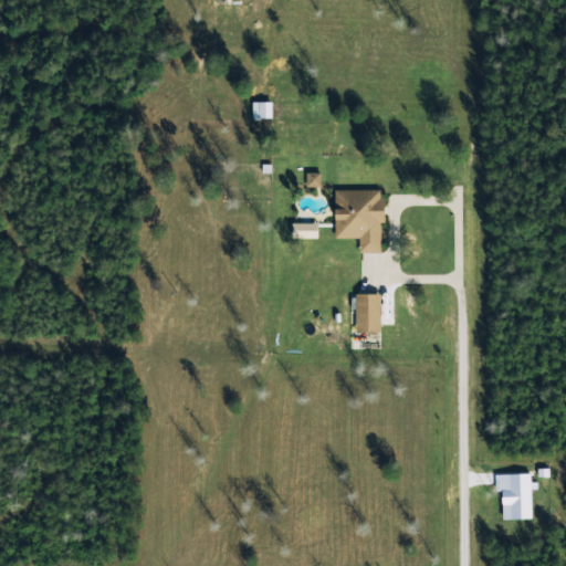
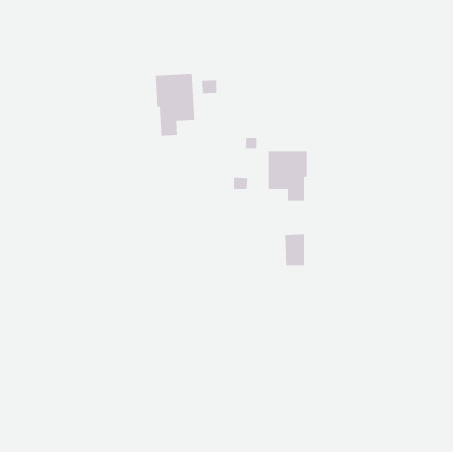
building: none -> [155,73,195,136]
building: [503,473,536,520] -> none

